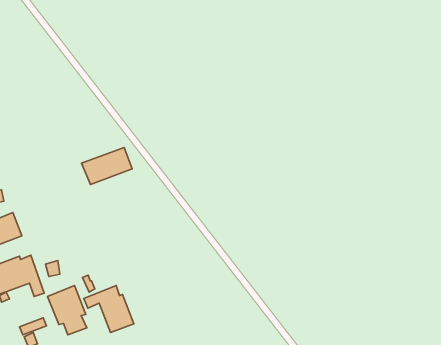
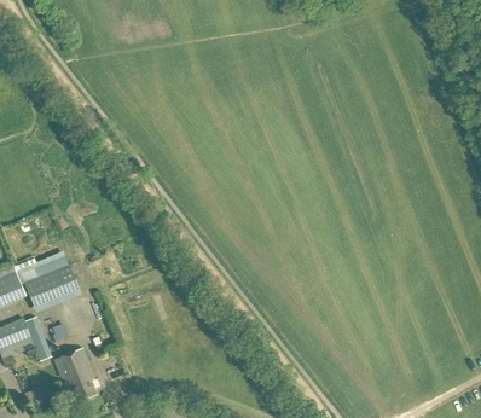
building: [82,148,132,185] -> [23,263,77,303]
building: [84,285,134,333] -> none

